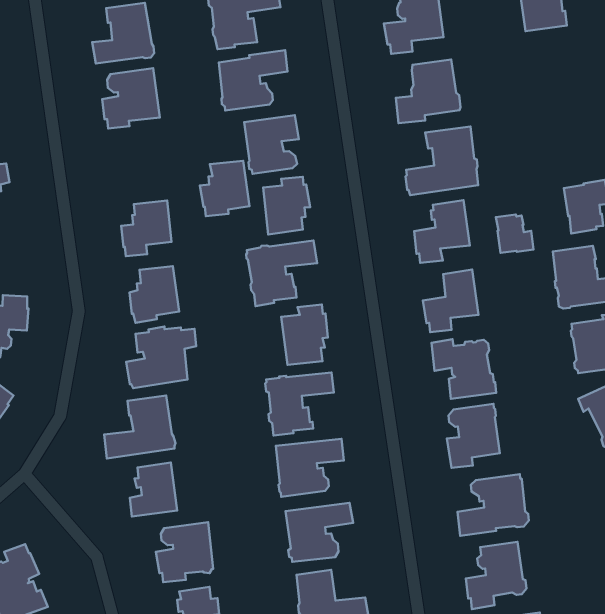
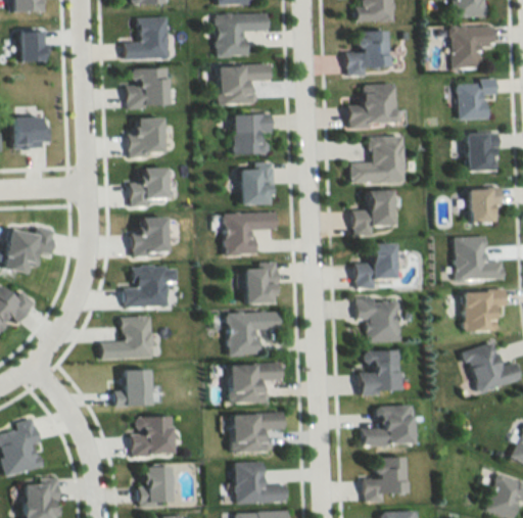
building: none -> [457,78,497,120]
building: none -> [467,134,500,174]
building: [200,161,249,216] -> [129,120,164,158]
building: [496,214,534,253] -> none

